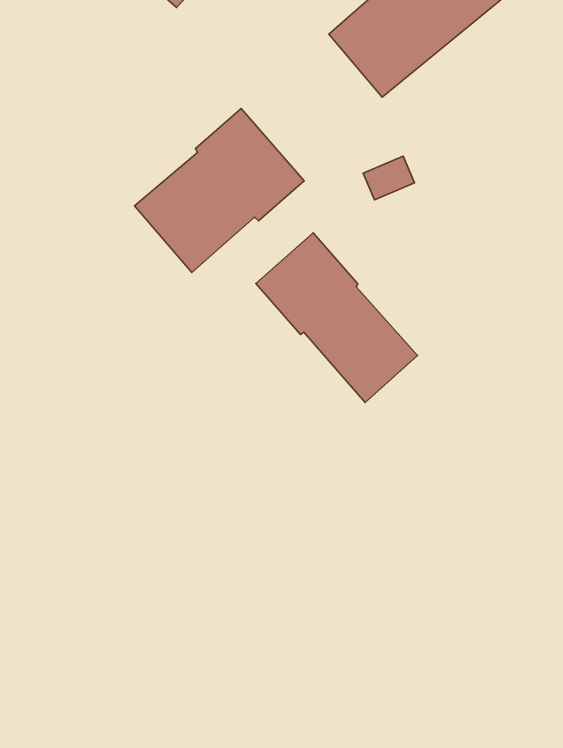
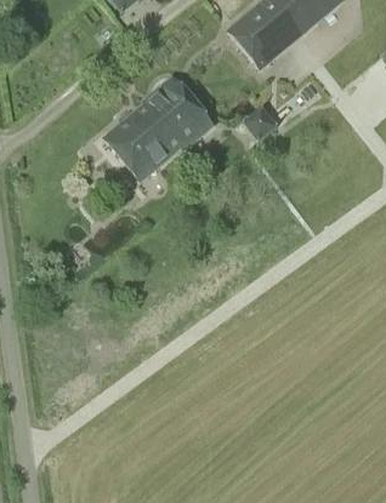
building: [256,233,417,402] -> none

